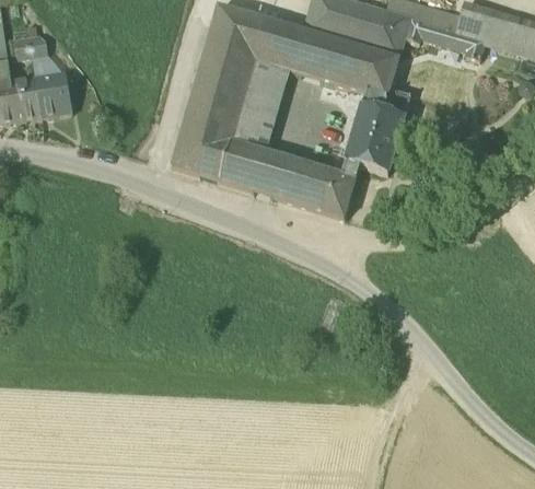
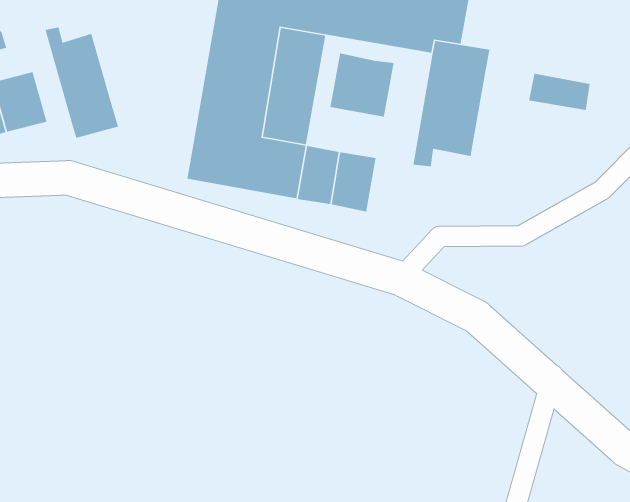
building: none -> [44,26,120,139]
building: none -> [528,73,590,111]
building: [302,165,354,218] -> [330,53,394,117]

